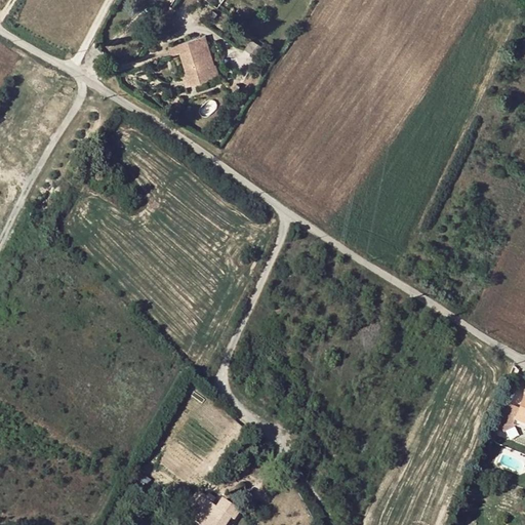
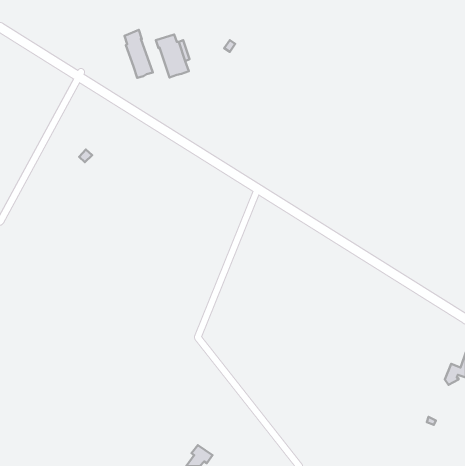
building: none -> [124,30,153,78]

